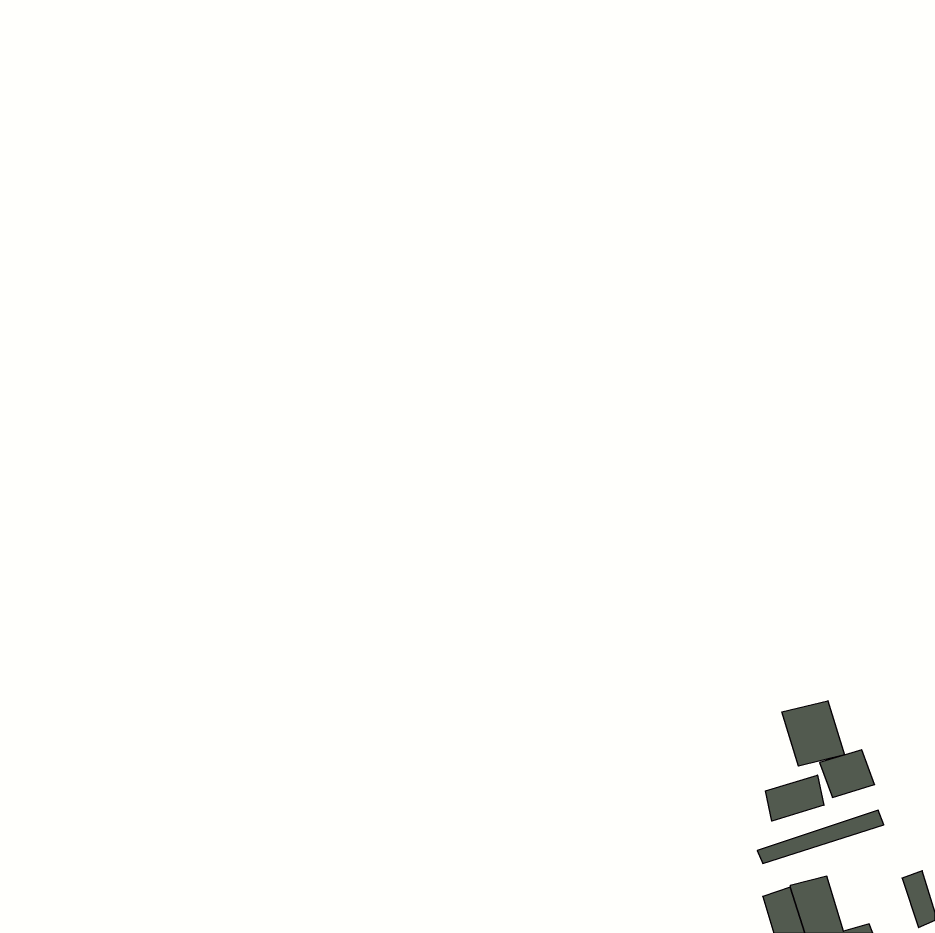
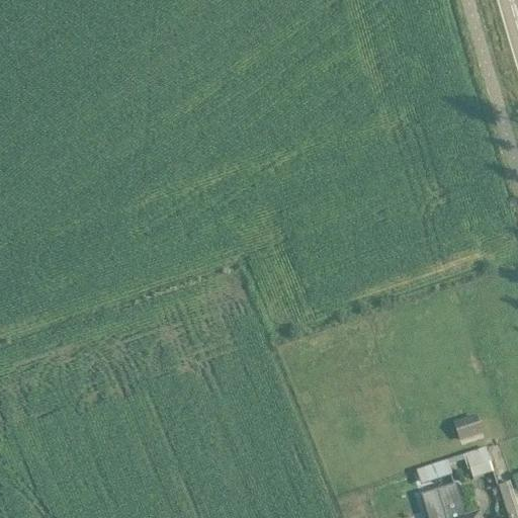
building: [782,701,844,766] -> none
building: [765,775,824,821] -> none

